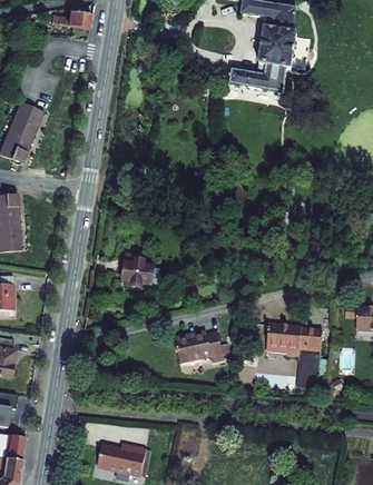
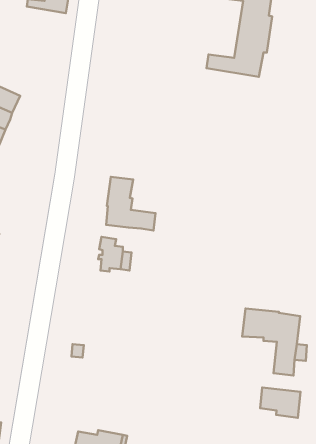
building: none -> [106,177,156,231]
building: [174,333,223,363] -> none
building: none -> [260,387,301,418]

